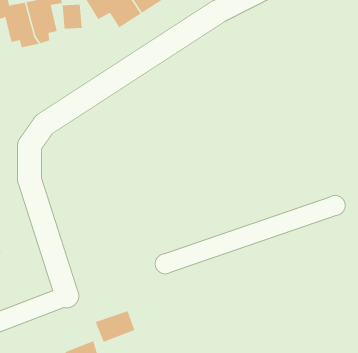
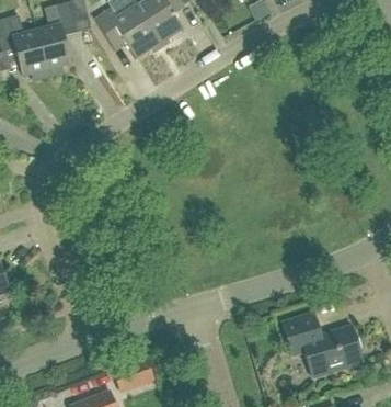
building: none -> [281,312,361,375]

